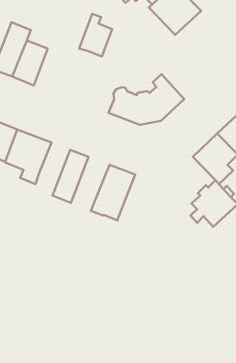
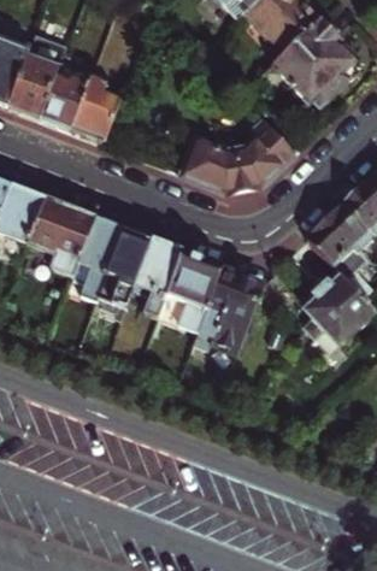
building: none -> [269,18,351,107]
building: [79,14,112,56] -> [69,78,118,142]
building: none -> [71,216,123,301]
building: none -> [129,237,182,318]
building: none -> [190,264,263,349]

